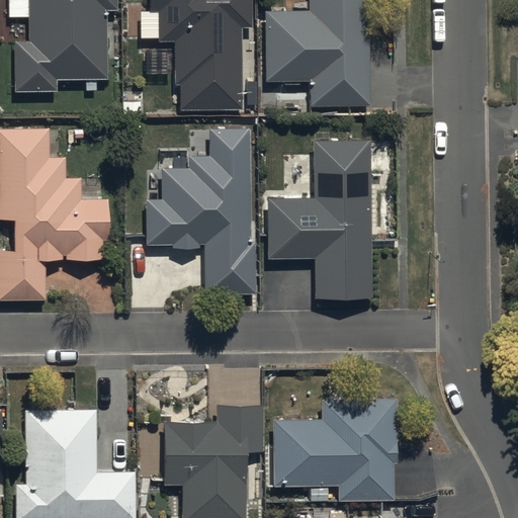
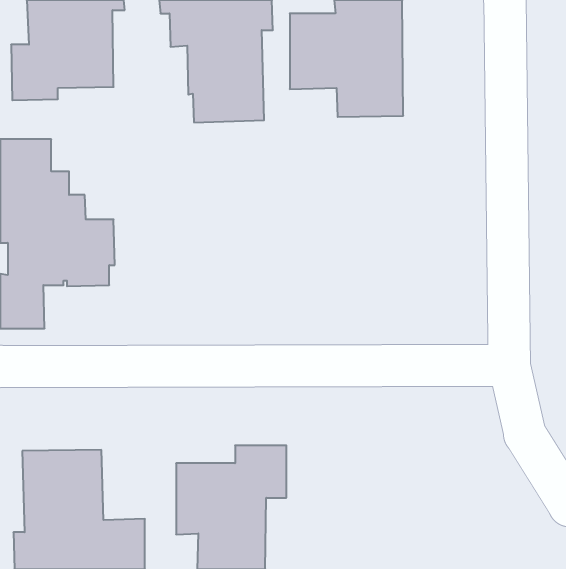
building: [145,127,255,294] -> none
building: [267,140,371,297] -> none
building: [273,399,397,501] -> none

